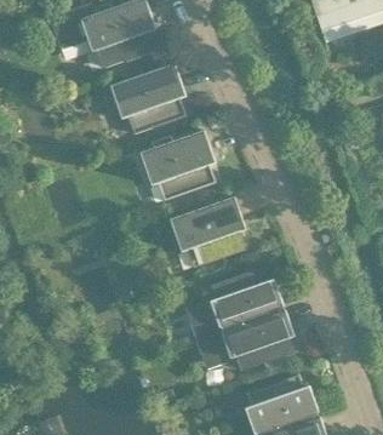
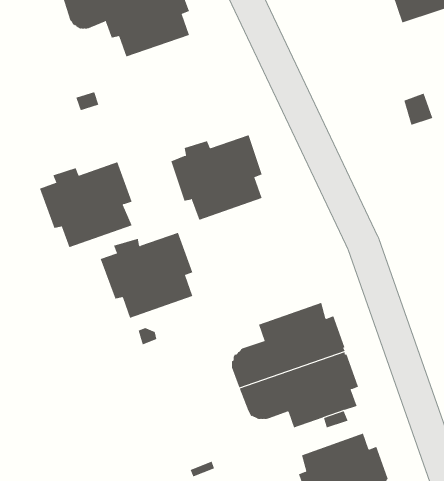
building: [109,64,185,134] -> [39,162,133,248]
building: [168,198,245,268] -> [100,232,193,318]

